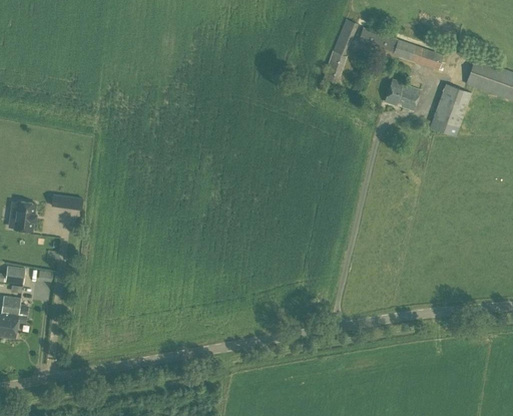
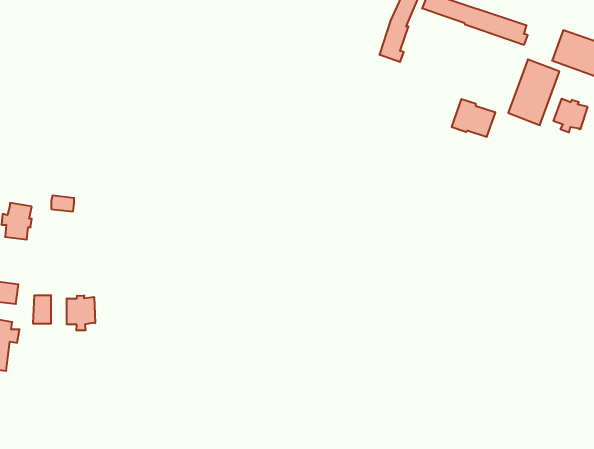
building: [383,78,419,109] -> [452,99,495,137]
building: none -> [554,99,587,132]
building: none -> [67,295,95,330]

